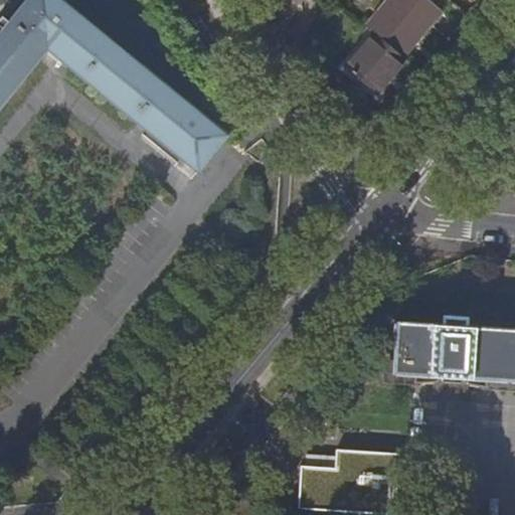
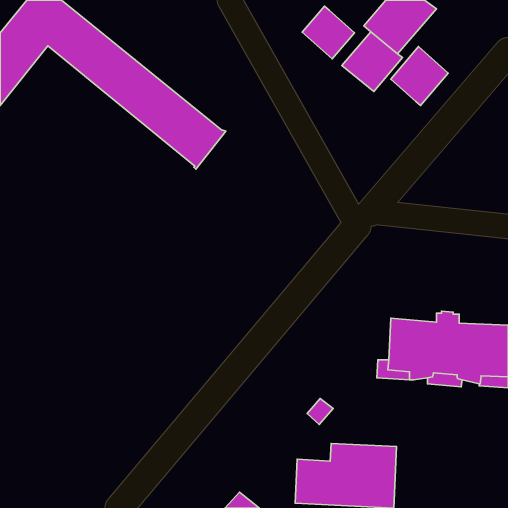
building: none -> [302,6,354,59]
building: none -> [391,47,448,106]

